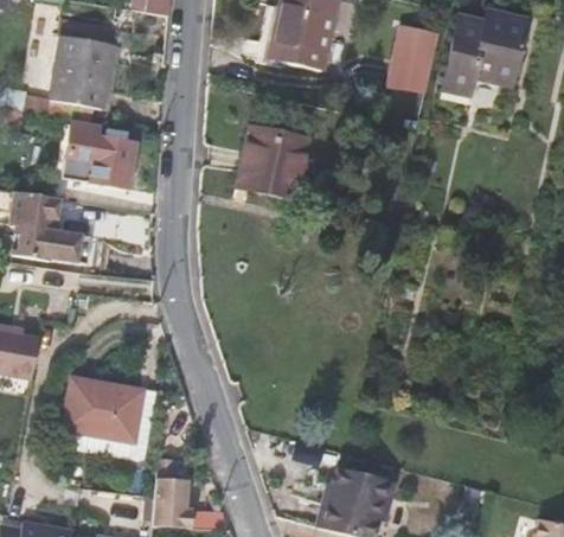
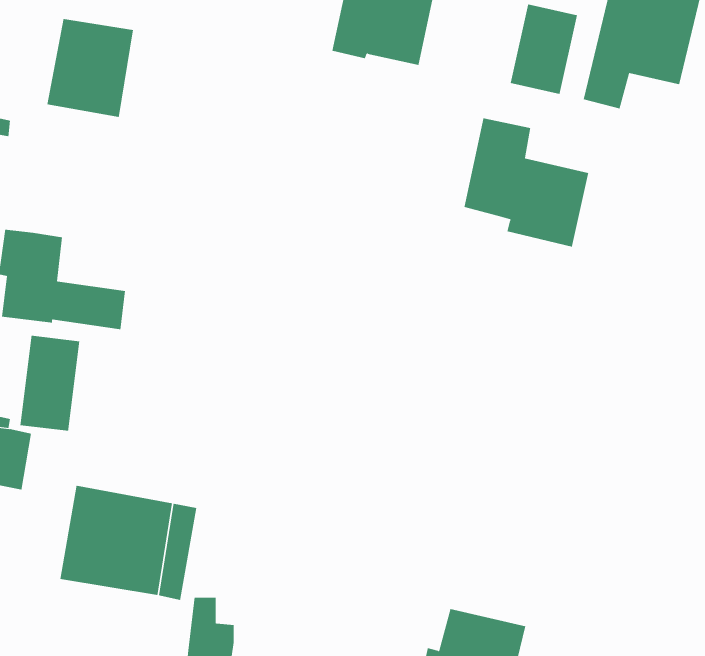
building: none -> [464,117,589,247]
building: [63,122,135,185] -> none
building: [237,126,306,197] -> none
building: none -> [20,335,80,432]

